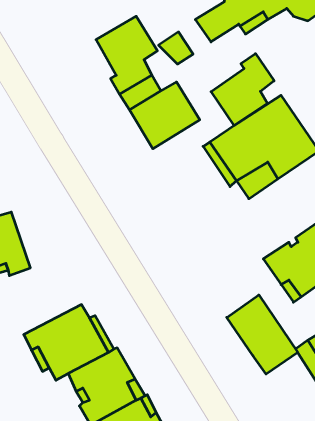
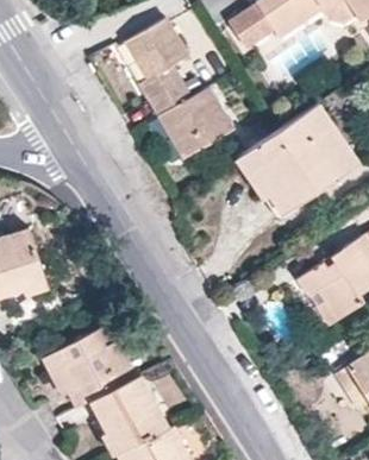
building: [211,54,274,125] -> none
building: [227,295,298,374] -> none

